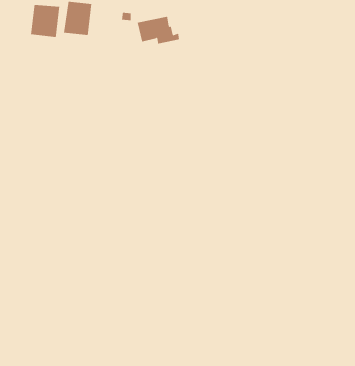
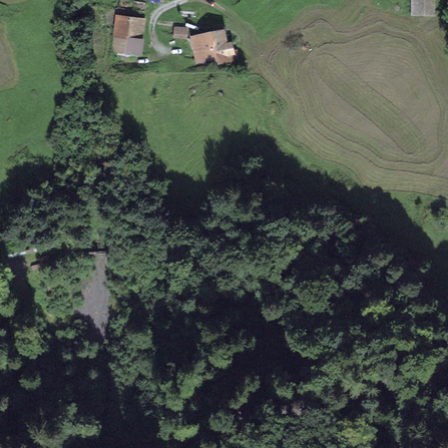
building: [31,4,60,38] -> none

